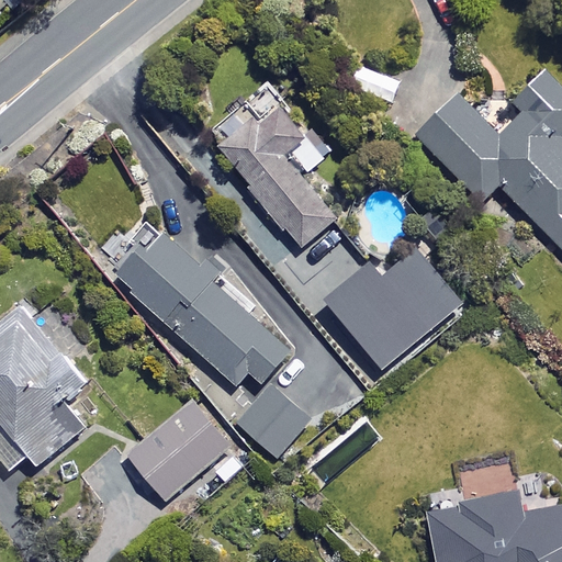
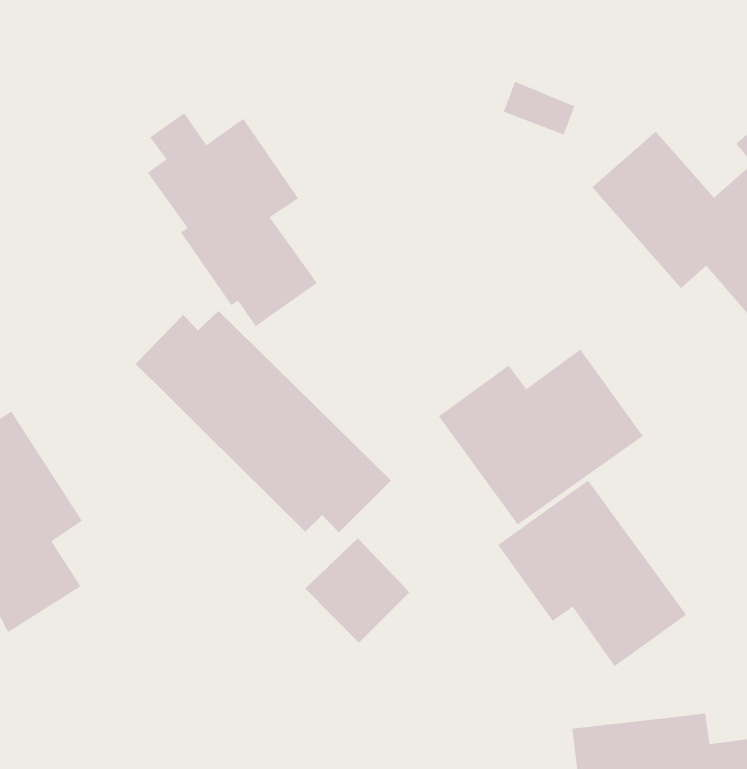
building: [220,104,341,248] -> [147,112,318,327]
building: none -> [497,479,687,667]
building: [128,400,232,499] -> none

